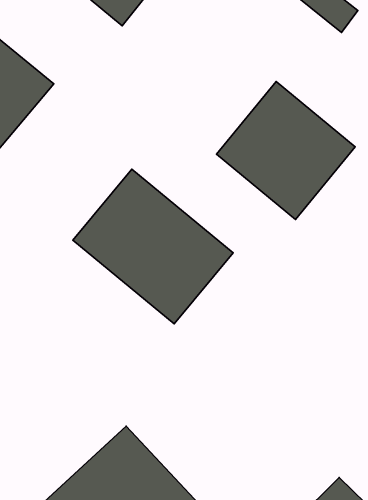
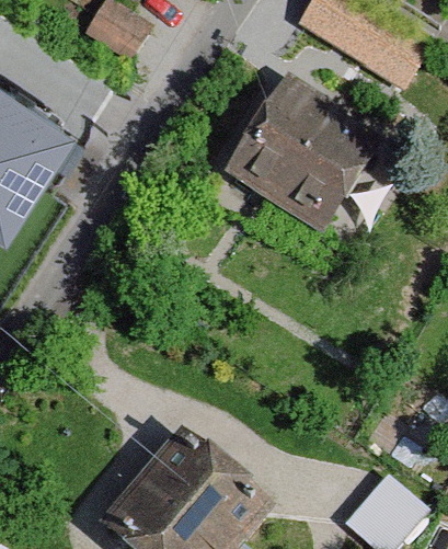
building: [73,169,233,324] -> none

